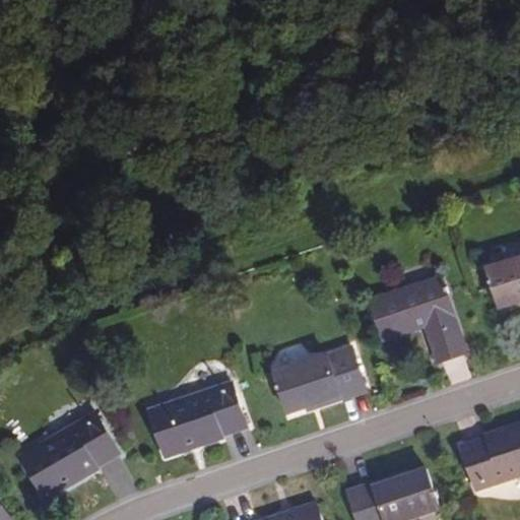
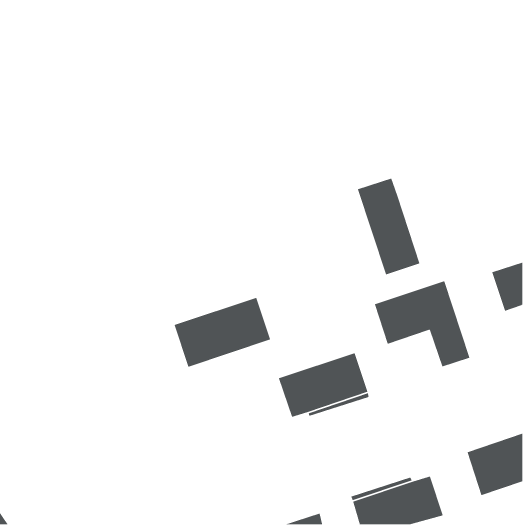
building: none -> [357,177,420,275]
building: [149,383,246,453] -> [173,297,271,368]
building: [20,413,119,496] -> none

